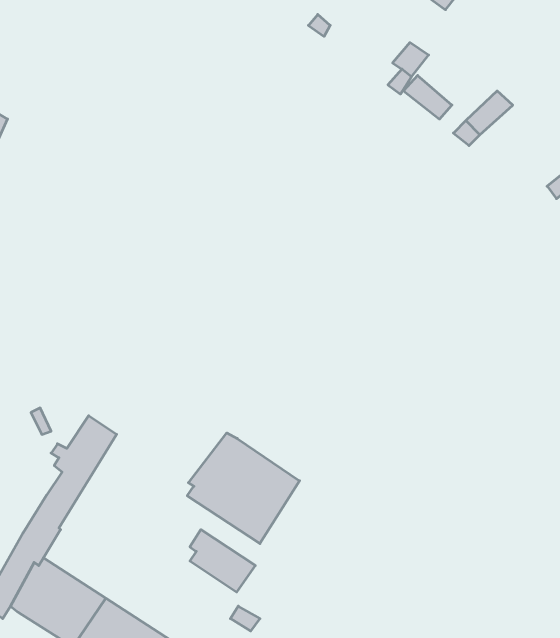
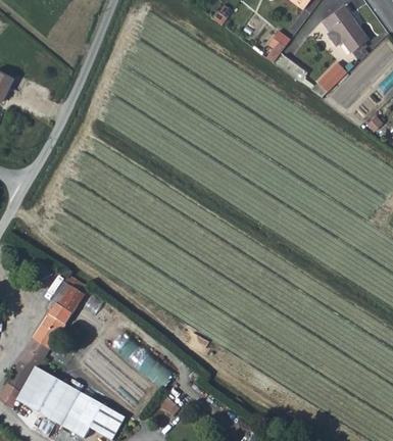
building: none -> [322,6,367,51]
building: [187,433,300,544] -> none

